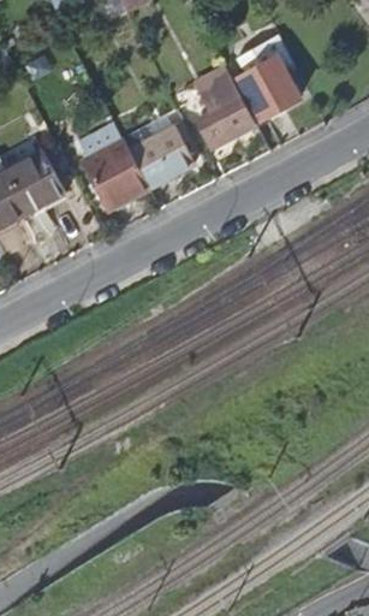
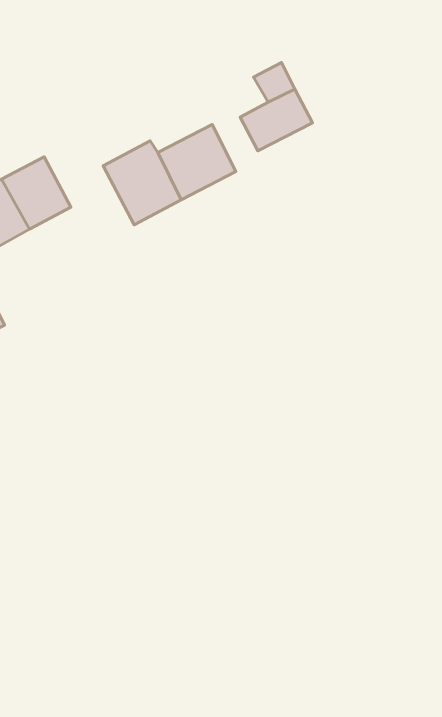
building: [238,38,297,122] -> none

